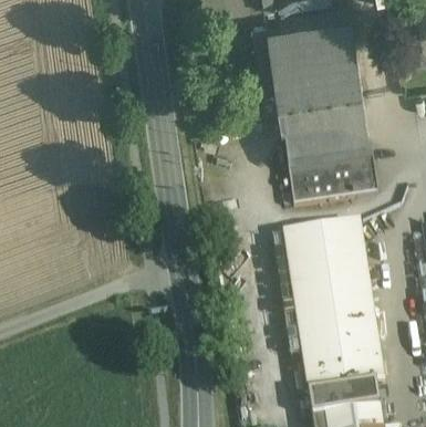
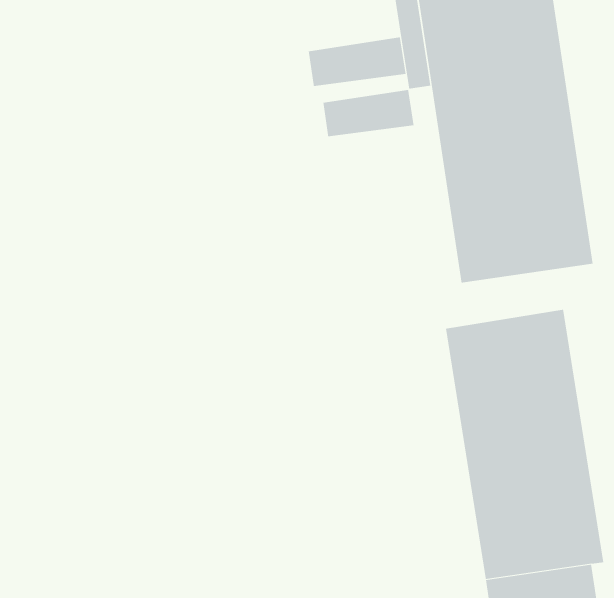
building: none -> [308,37,406,87]
building: none -> [323,89,414,137]

